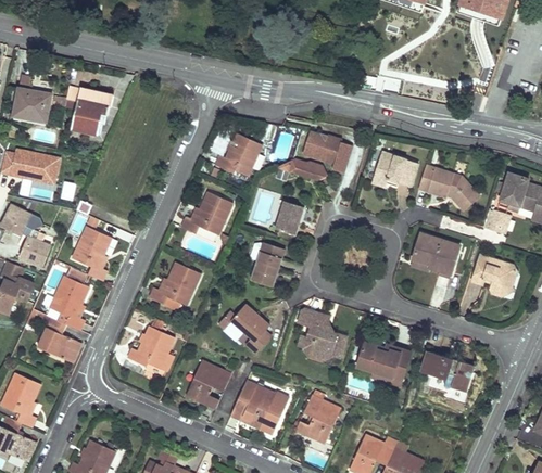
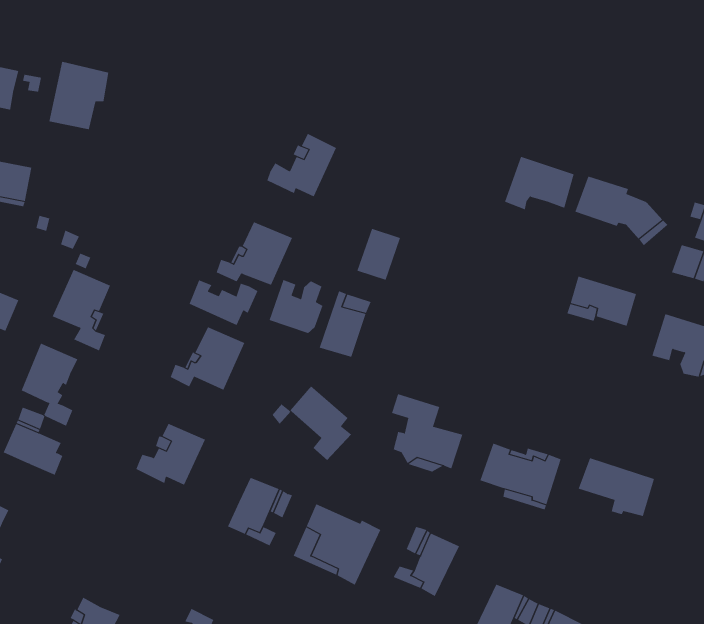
building: [303,129,351,170] -> none
building: [277,158,324,178] -> none
building: none -> [269,279,323,334]
building: none -> [189,279,258,326]

